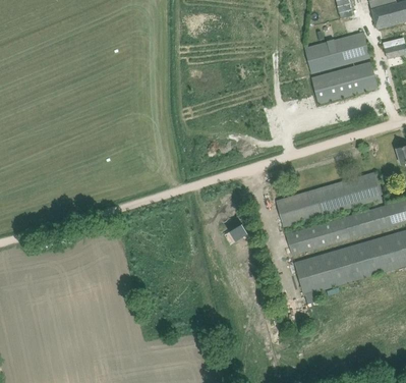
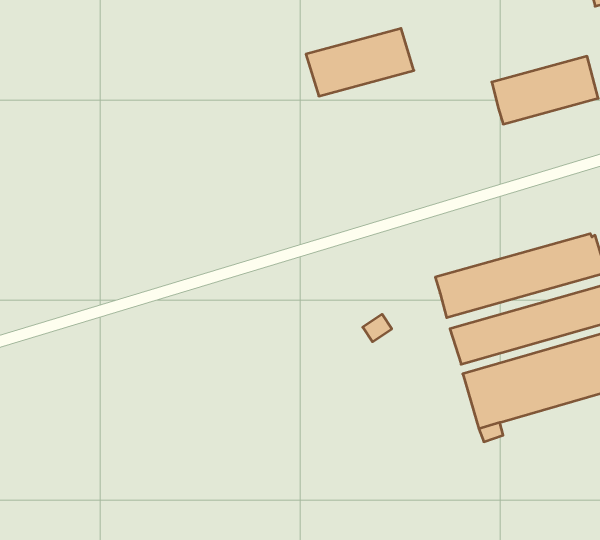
building: [302,32,370,74] -> [306,28,414,96]

